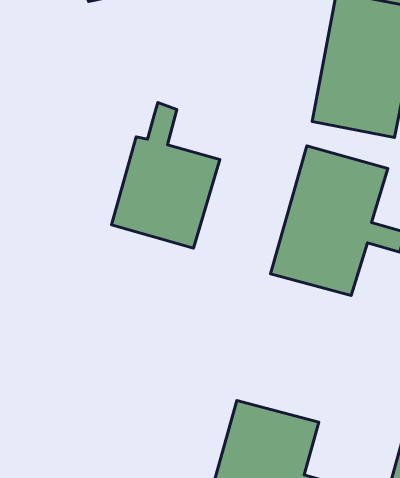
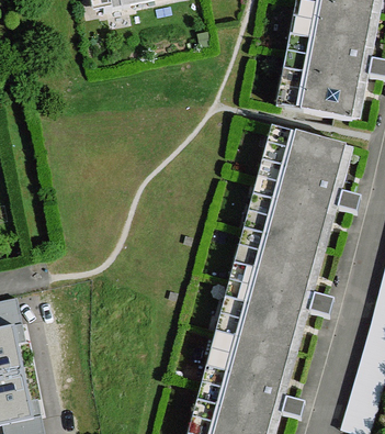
building: [112,102,220,248] -> none
building: none -> [225,230,336,350]

